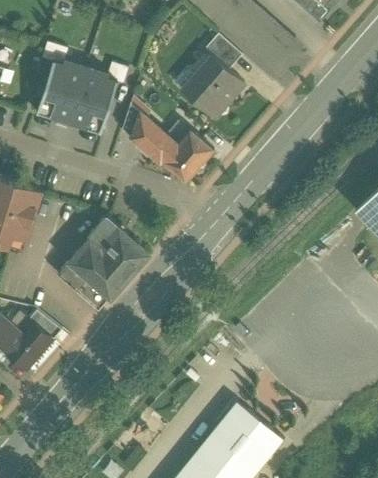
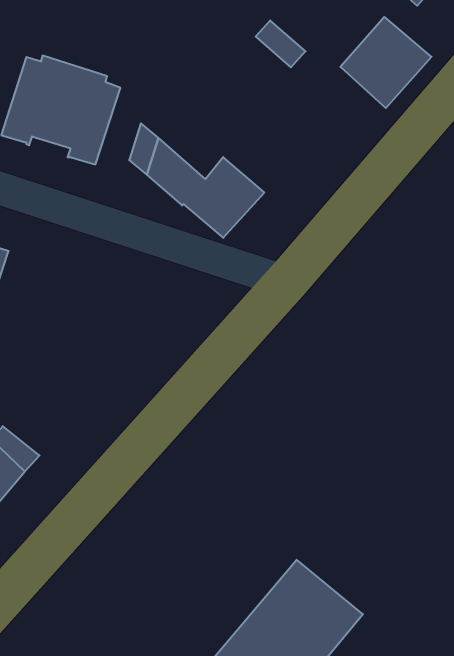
building: [183,56,245,118] -> [340,17,432,108]
building: [58,215,148,310] -> none

